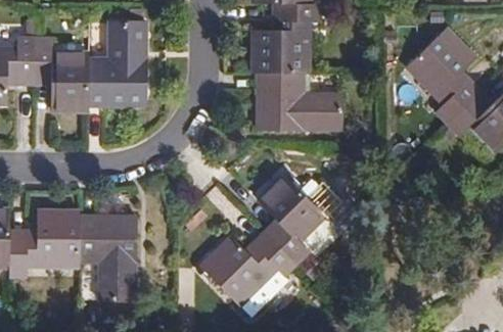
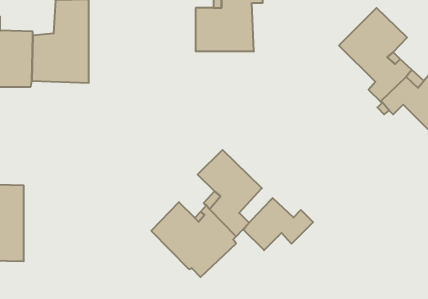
building: [261,74,349,129] -> none
building: [78,216,137,299] -> none
building: none -> [244,198,313,250]

